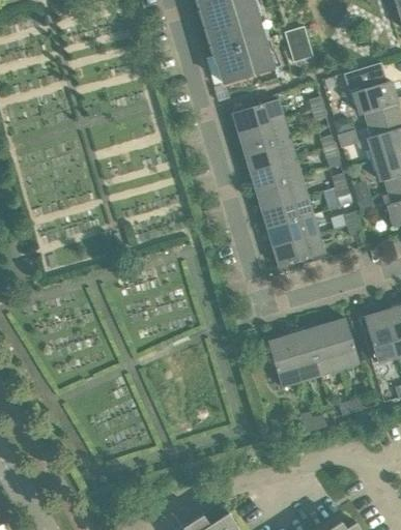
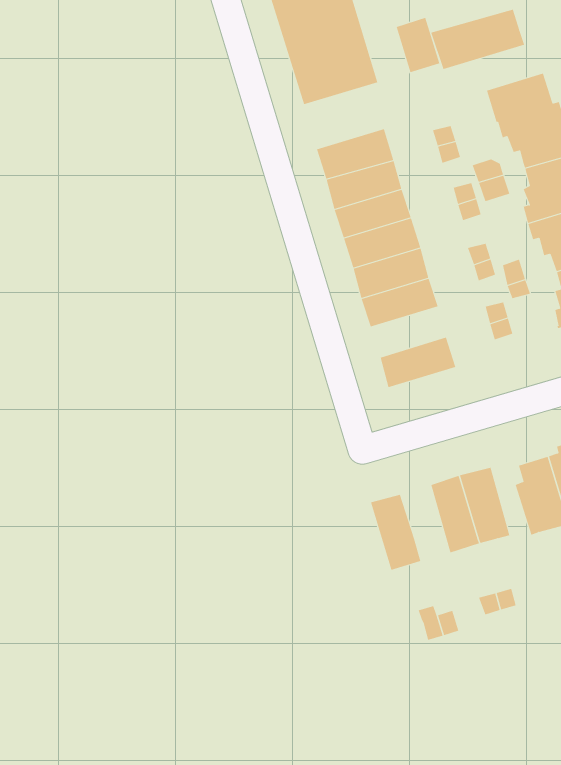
building: none -> [430,9,525,70]
building: [267,214,317,247] -> none
building: [287,330,319,380] -> none

